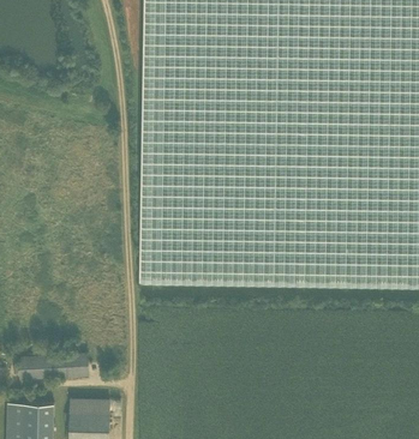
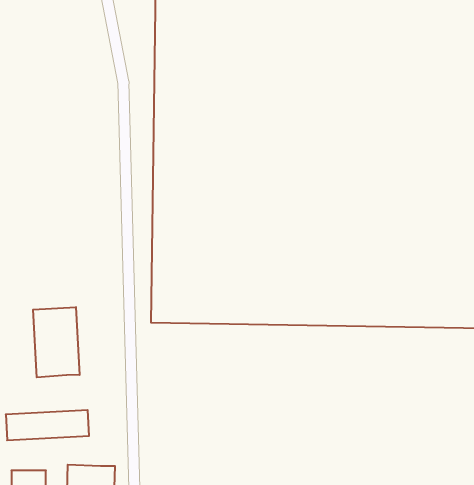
building: none -> [33,307,80,377]

